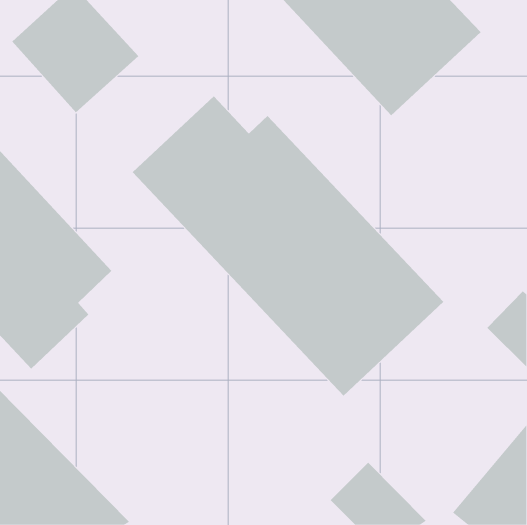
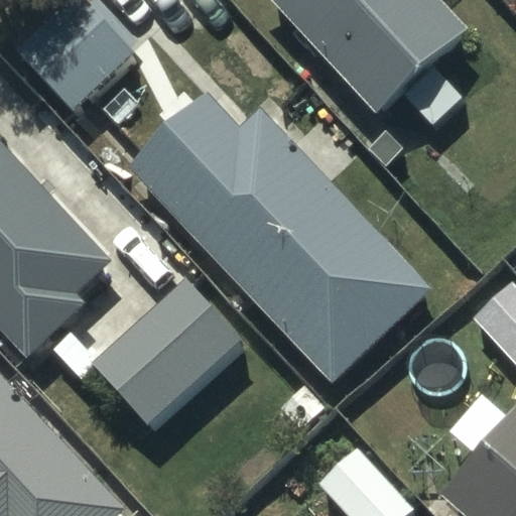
building: none -> [92,278,244,428]

